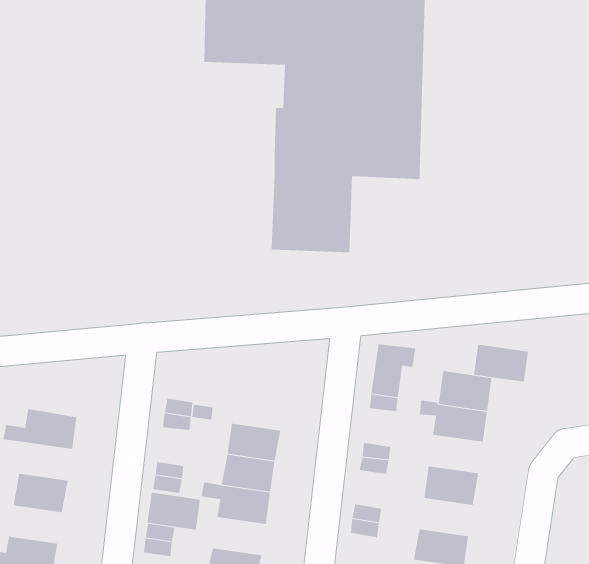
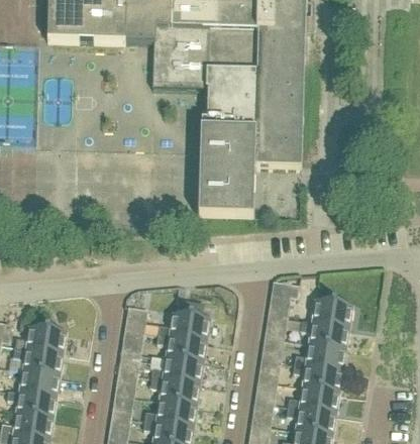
building: [473,344,529,382] -> [306,339,344,365]
building: none -> [171,308,208,336]
building: none -> [24,344,62,370]
building: [147,492,201,530] -> [157,396,195,422]
building: none -> [300,382,337,409]
building: none -> [17,387,55,414]

